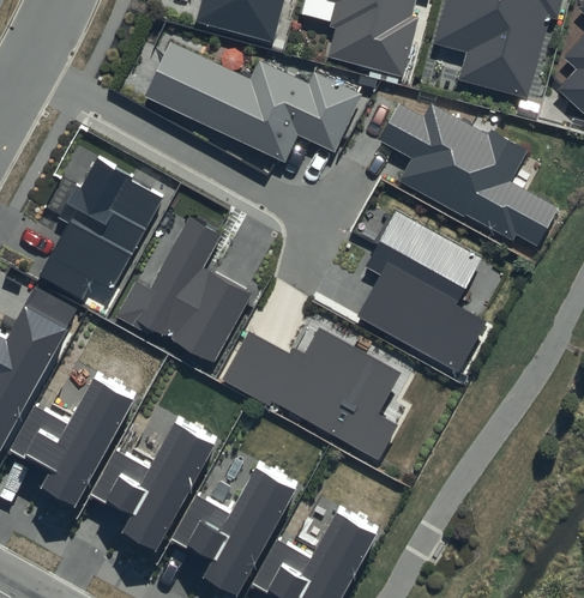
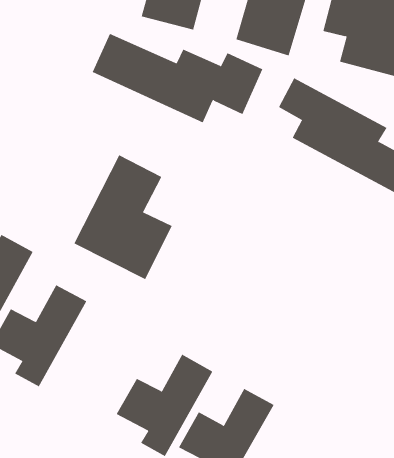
building: [41,156,163,298] -> none
building: [350,216,486,375] -> none
building: [221,331,401,460] -> none
building: [92,416,217,549] -> none

